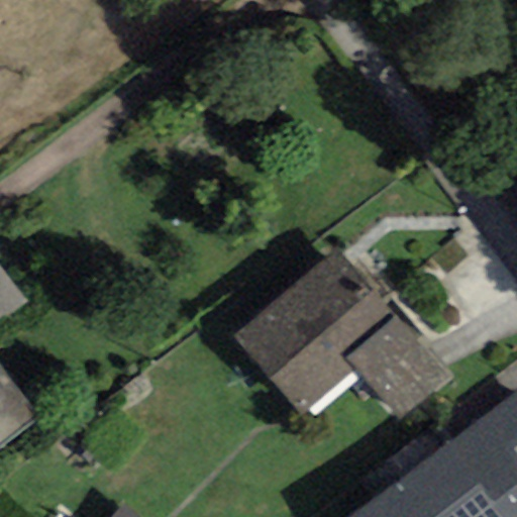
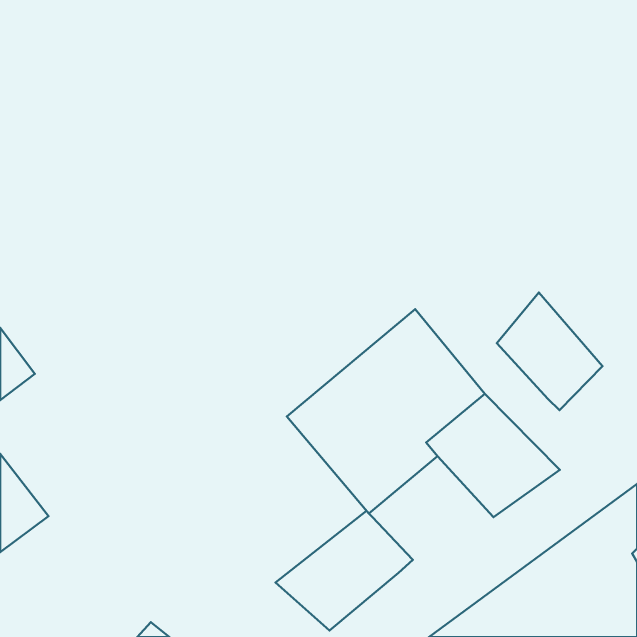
building: none -> [497,293,602,410]
building: none -> [276,511,413,631]

